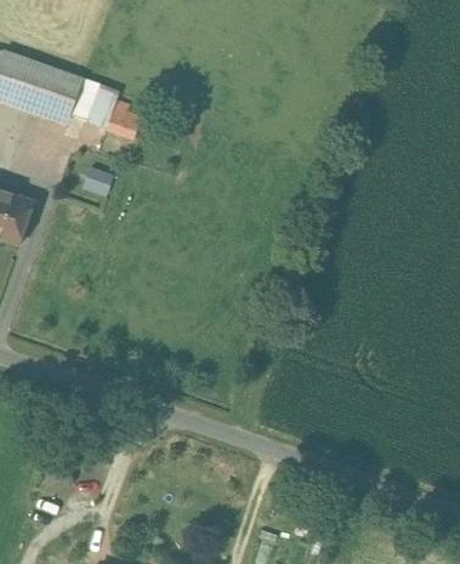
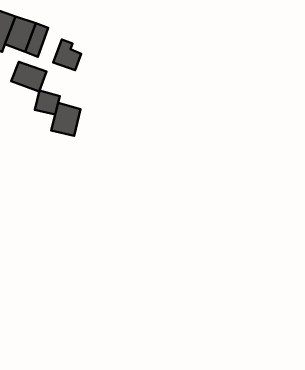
building: none -> [11,62,46,91]
building: none -> [51,103,81,136]

